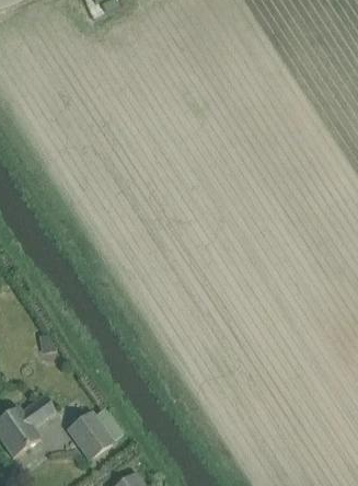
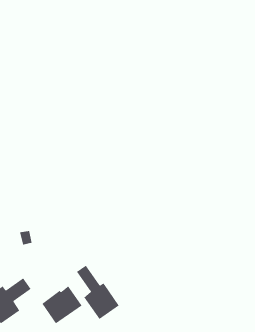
building: none -> [76,265,120,320]

